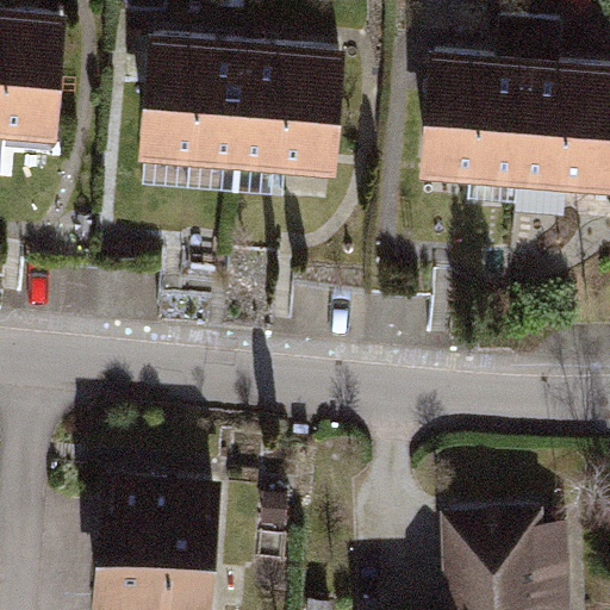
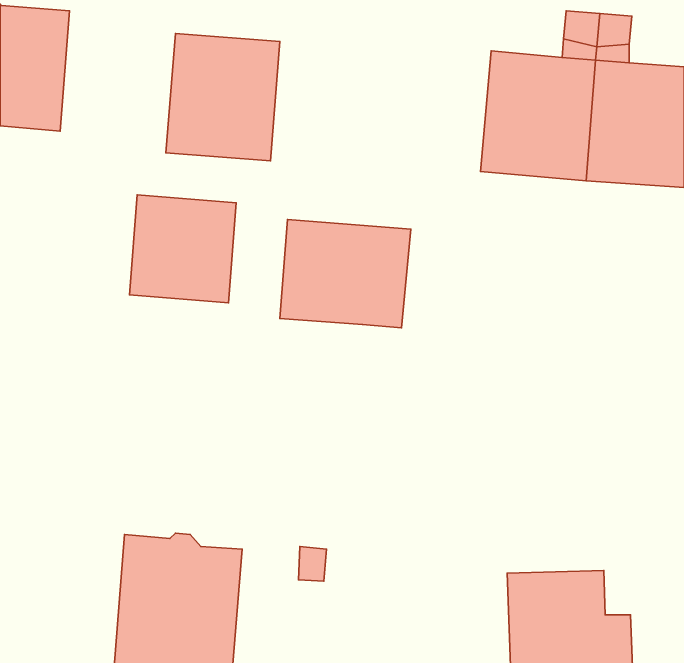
building: [241,56,341,170] -> none
building: none -> [129,195,236,303]
building: none -> [280,220,411,328]

